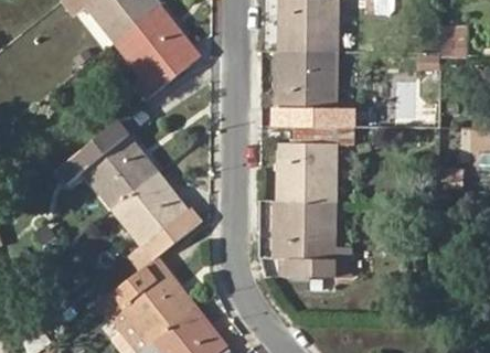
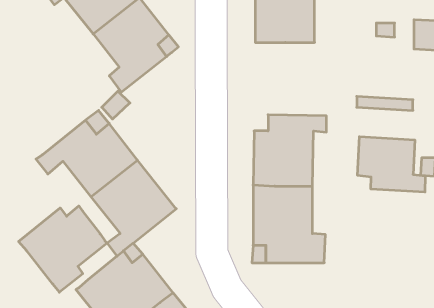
building: [277,51,352,126] -> none
building: none -> [358,137,425,192]
building: none -> [19,206,107,292]

